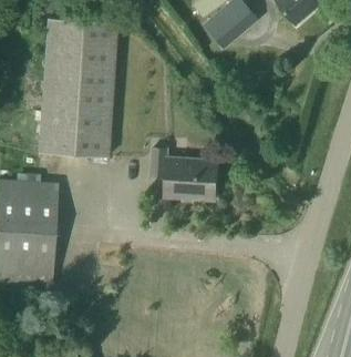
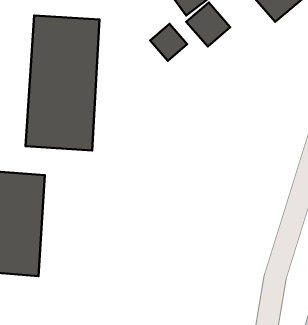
building: none -> [150,24,187,61]
building: [152,147,217,200] -> none

